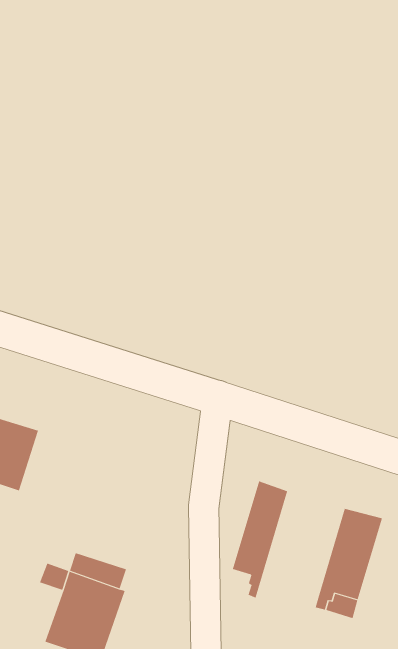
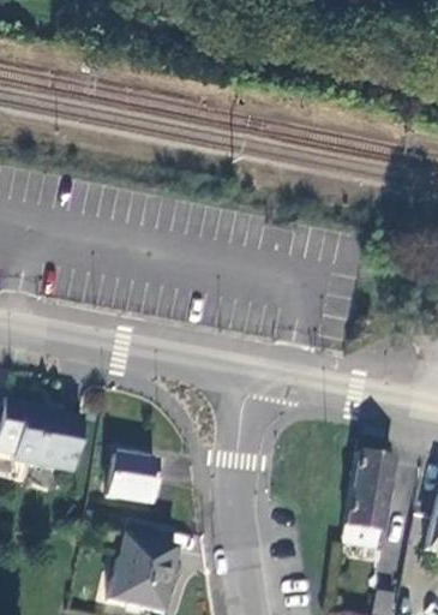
building: none -> [109,452,158,501]
building: [232,480,288,598] -> none

